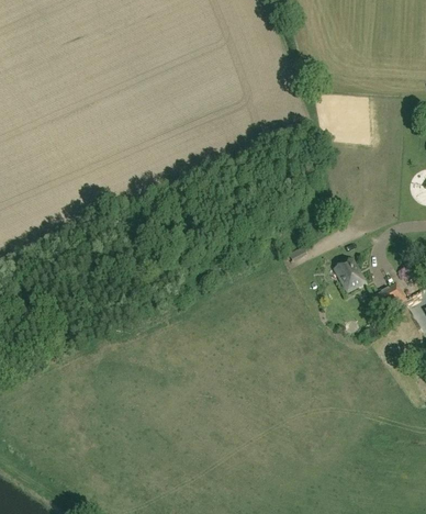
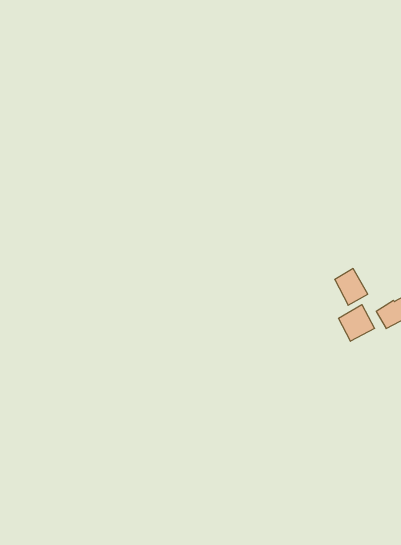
building: none -> [339,305,375,341]

